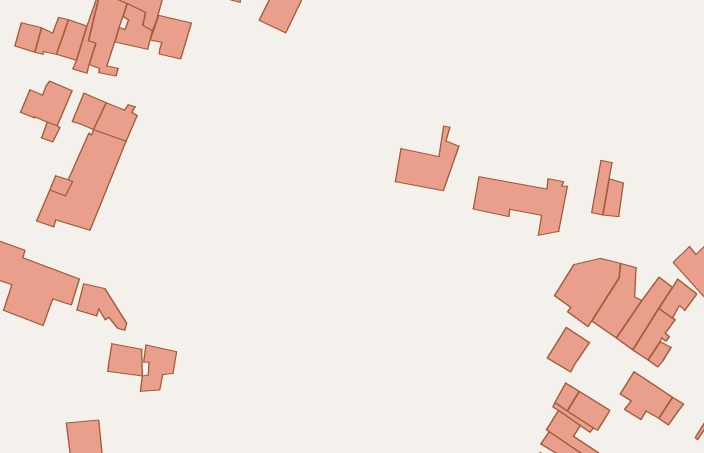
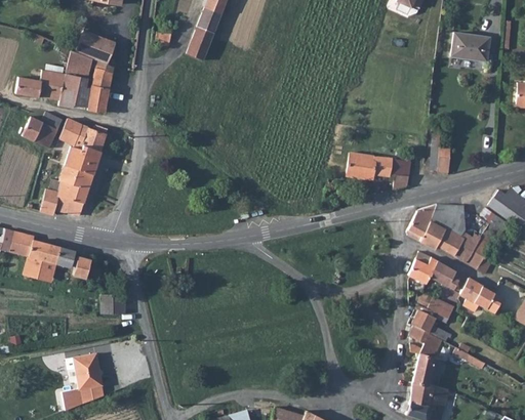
building: [150,16,191,59] -> [81,83,109,112]
building: none -> [451,31,488,56]
building: [395,126,459,191] -> none
building: none -> [428,262,460,291]
building: [141,345,176,392] -> none

